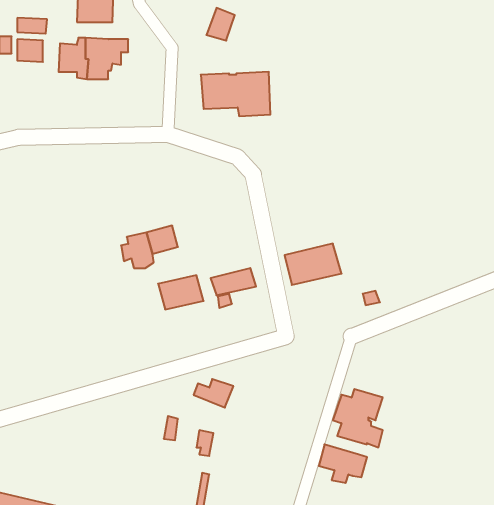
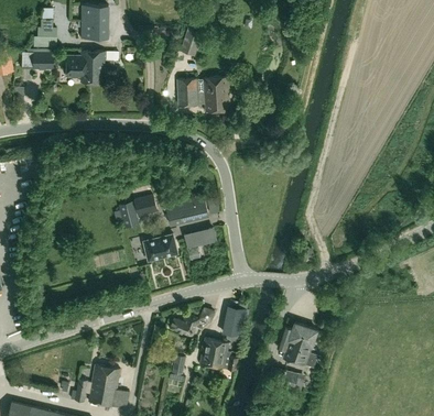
building: [285,244,342,285] -> [165,197,209,229]
building: none -> [221,306,245,338]
building: none -> [199,339,238,371]
building: none -> [74,365,119,406]

